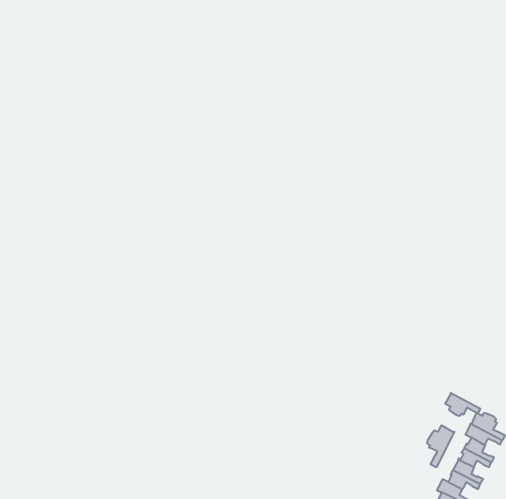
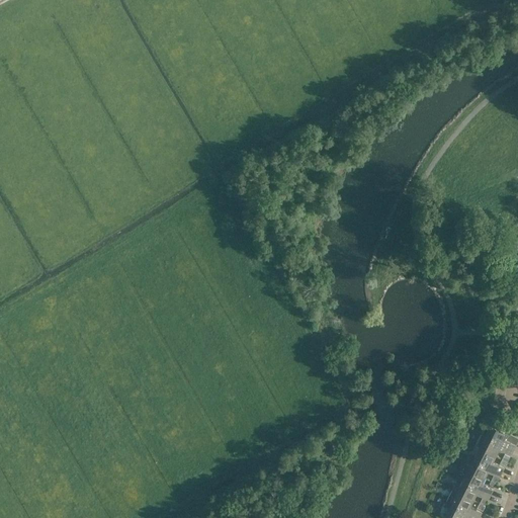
building: [445,393,480,416] -> none
building: [427,425,454,467] -> none

